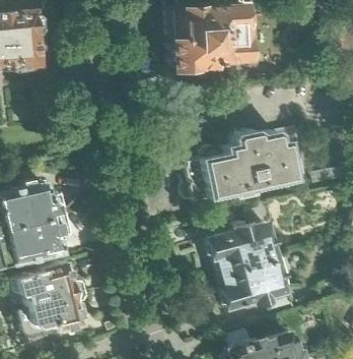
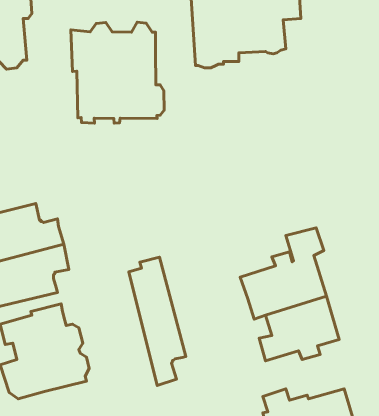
building: none -> [71,22,164,123]
building: [189,130,309,201] -> none
building: none -> [129,257,186,386]

